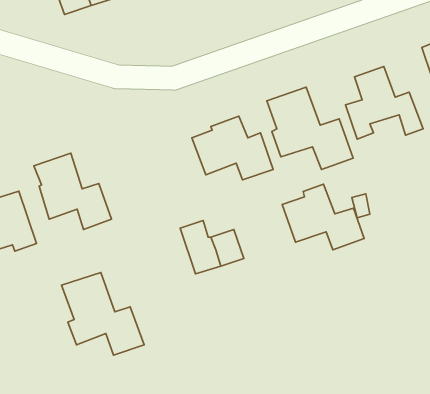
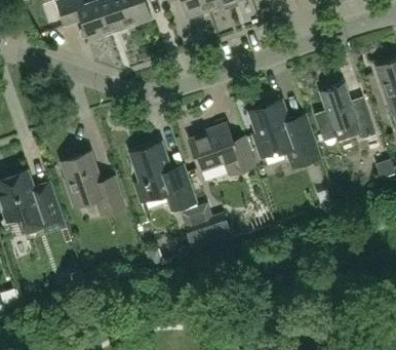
building: [282,184,364,250] -> none
building: [61,273,144,355] -> [130,144,197,210]

